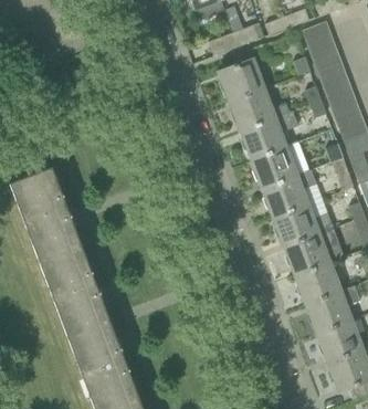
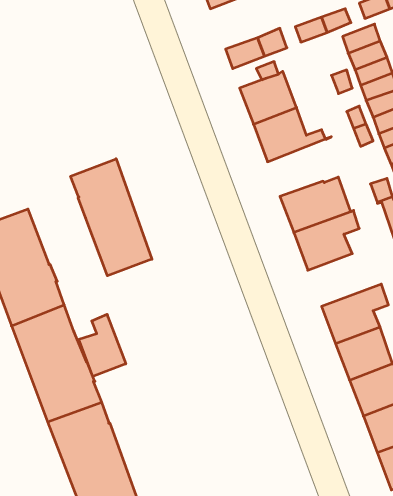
building: [242,111,298,158] -> none
building: none -> [71,159,152,276]
building: [274,203,333,245] -> none
building: none -> [79,314,126,376]

